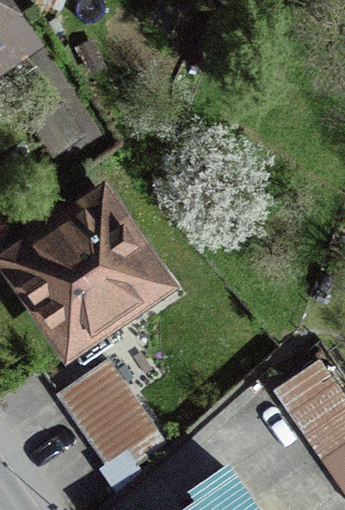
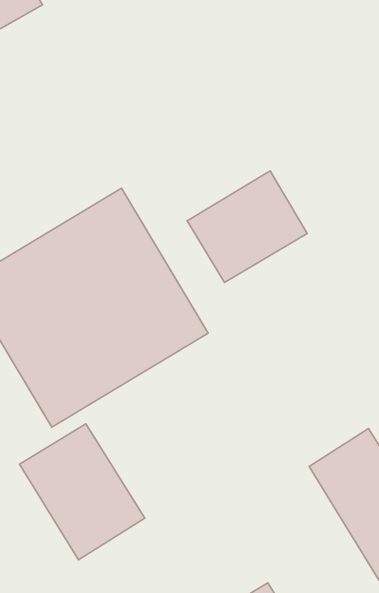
building: none -> [187,171,307,282]

